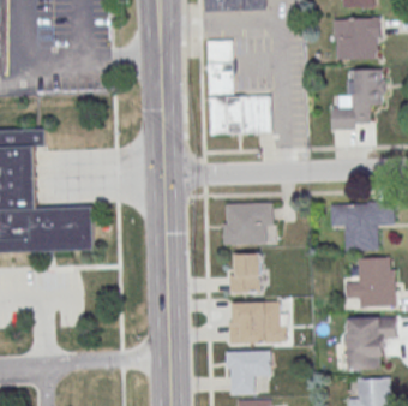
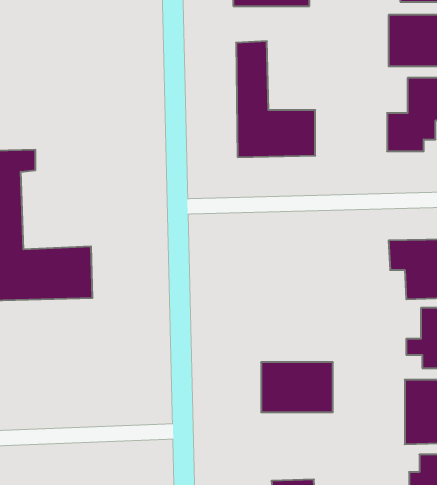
building: [223,202,274,244] -> none
building: [229,253,263,292] -> none
building: [227,348,272,393] -> none

